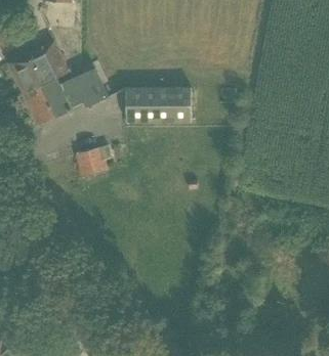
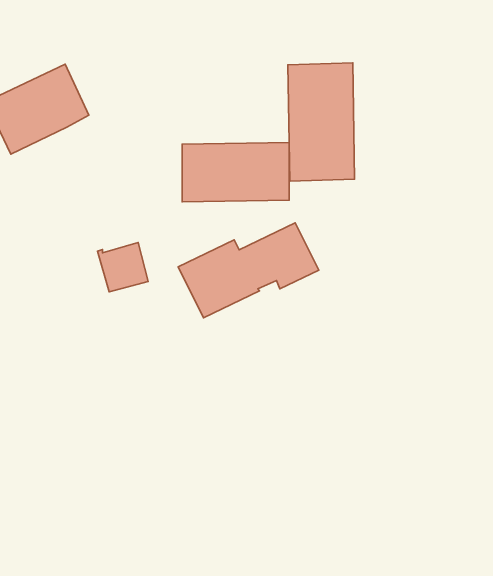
building: none -> [288,63,355,181]
building: [23,68,108,125] -> [178,223,319,318]

